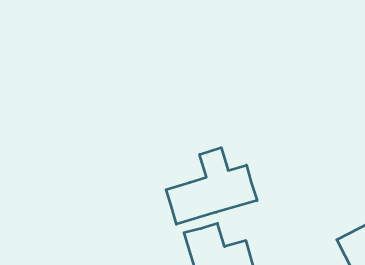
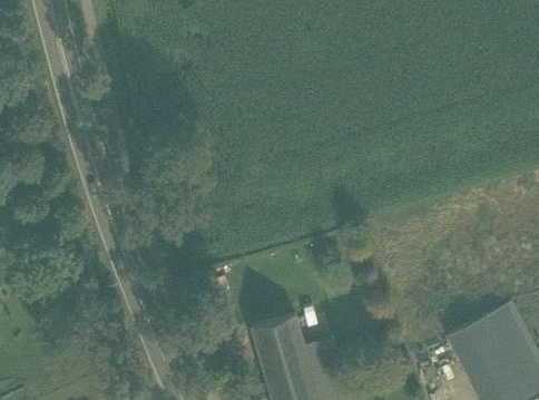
building: [166,148,257,224] -> none

